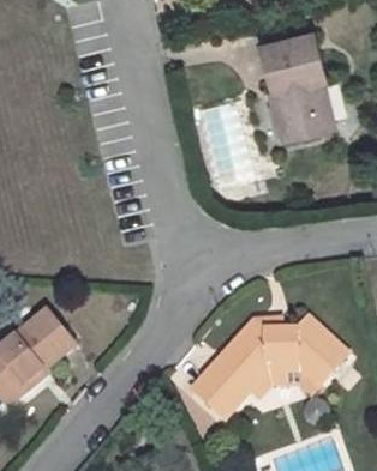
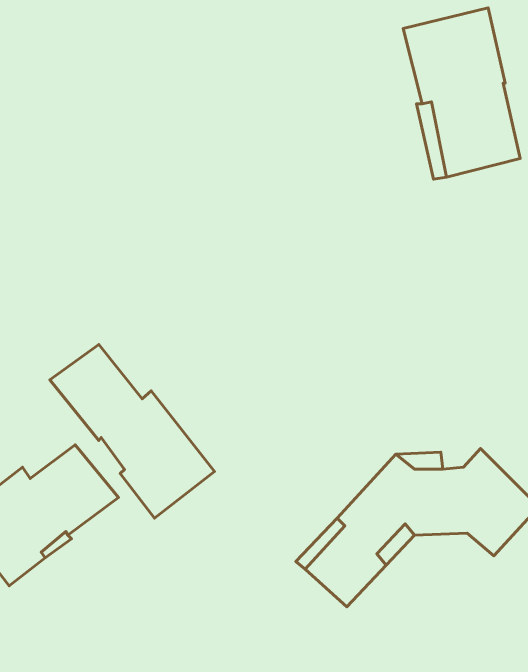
building: none -> [50,345,214,518]

